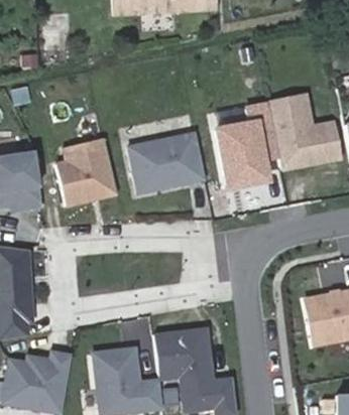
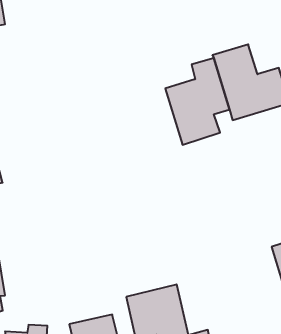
building: [128,133,205,193] -> none
building: [55,139,116,205] -> none

